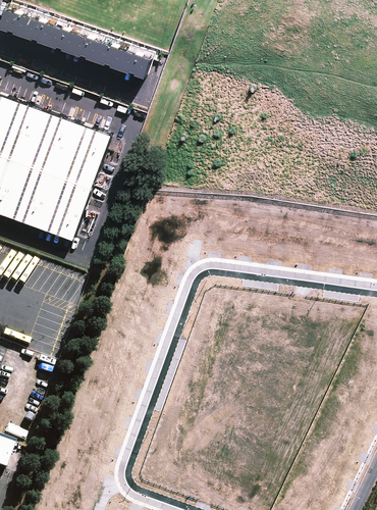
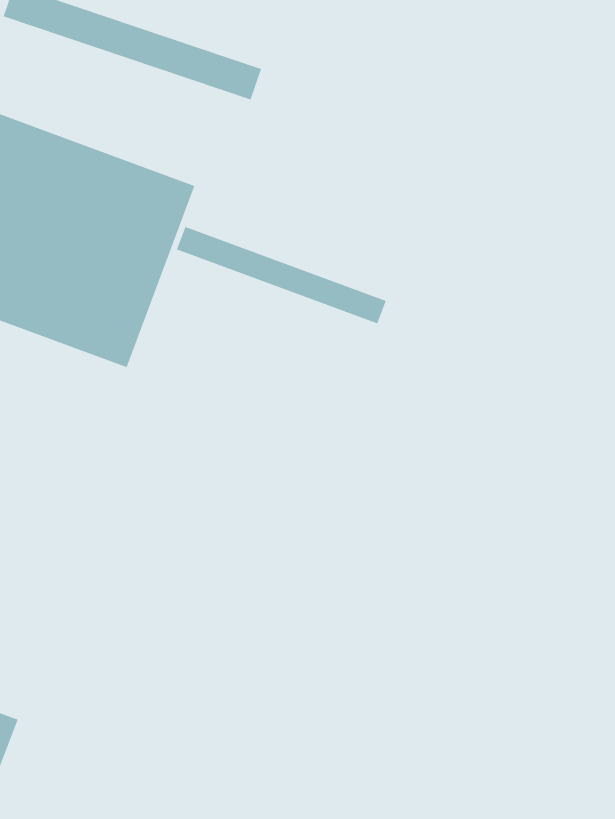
building: none -> [176,226,387,324]

